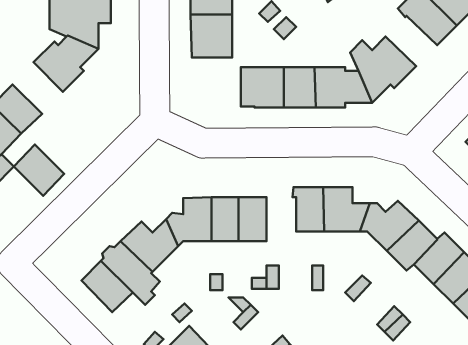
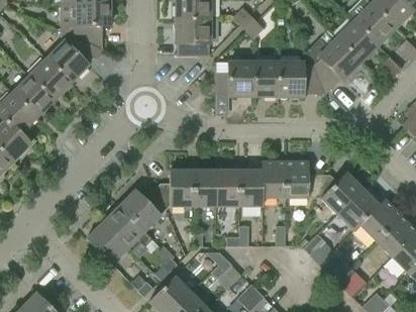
building: none -> [336,20,379,62]
building: [14,144,64,196] -> [29,59,71,101]
building: none -> [238,170,263,206]

